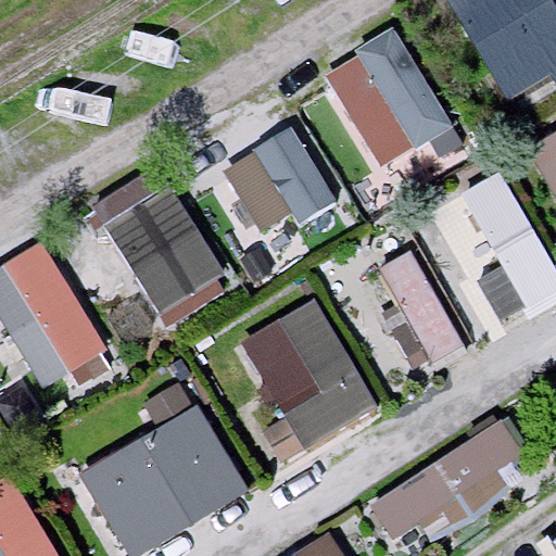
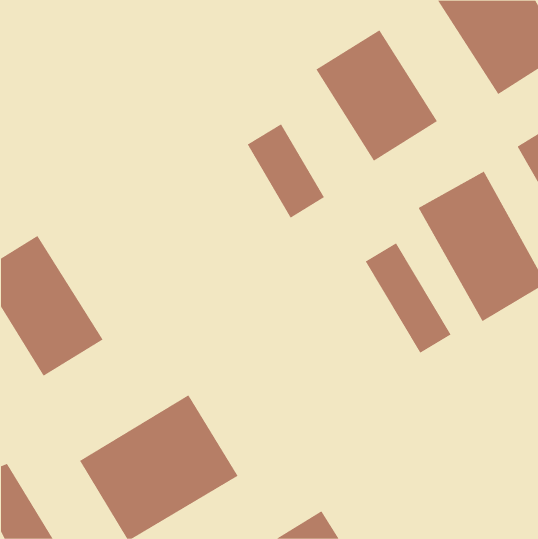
building: [105,186,226,316] -> none
building: [244,300,378,462] -> none
building: [372,414,531,549] -> none

